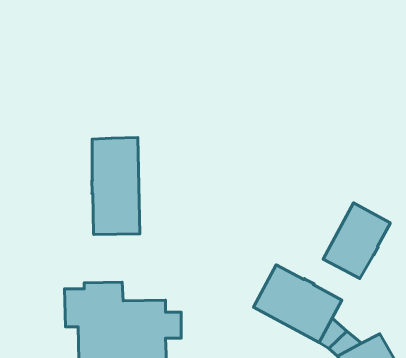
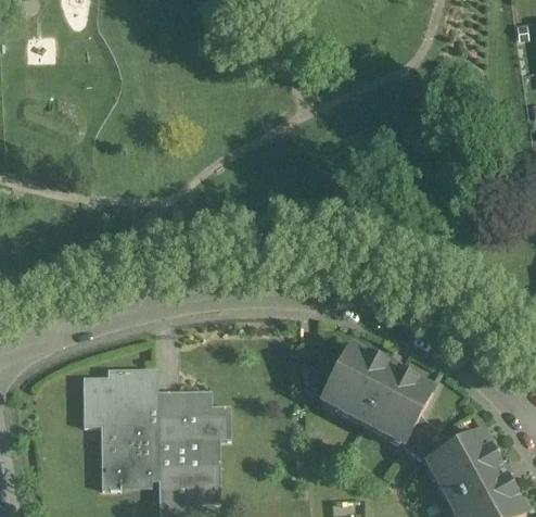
building: [92,138,140,234] -> none
building: [323,203,390,278] -> none

